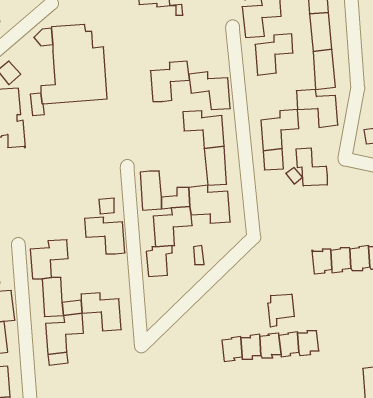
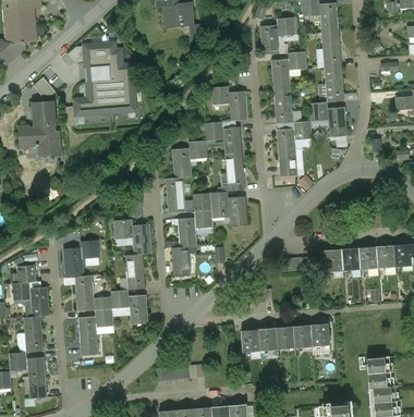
building: [150,61,190,101] -> [171,140,207,177]
building: none -> [272,87,293,123]
building: [296,148,327,186] -> none
building: none -> [124,254,145,290]
building: [268,294,294,327] -> none

